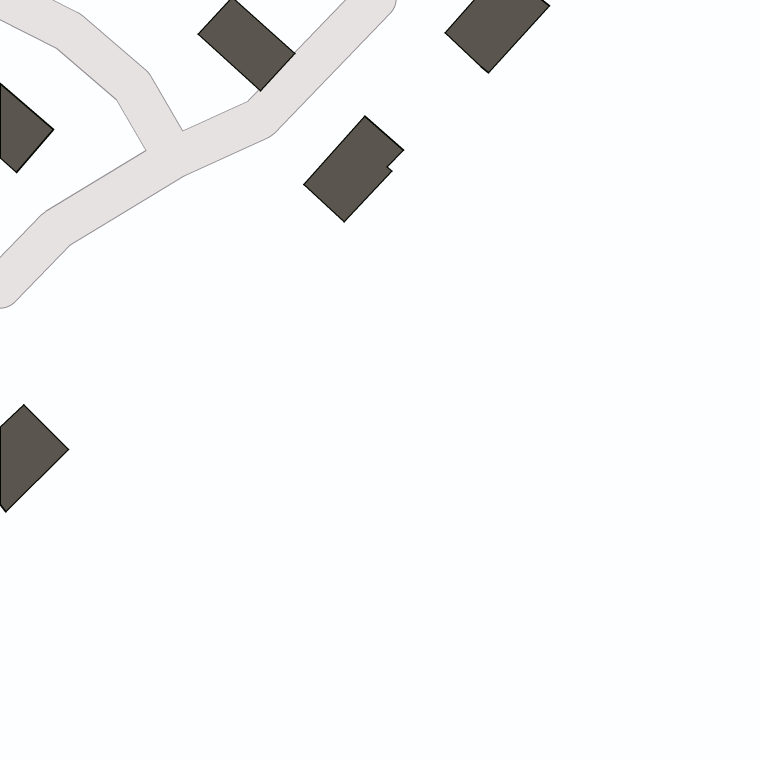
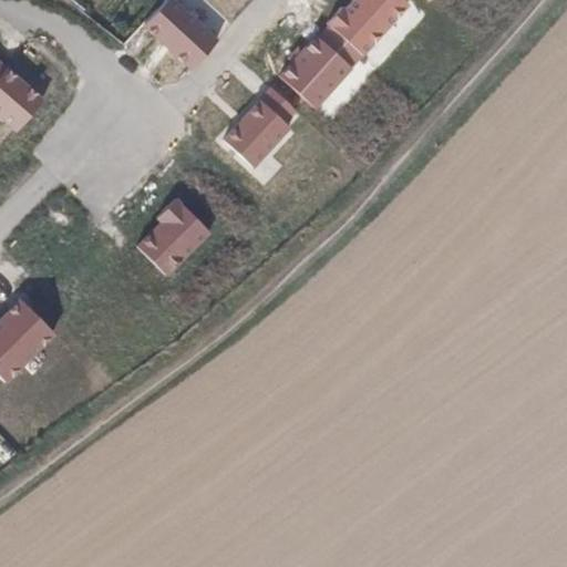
building: none -> [284,24,358,103]
building: none -> [138,197,210,274]

